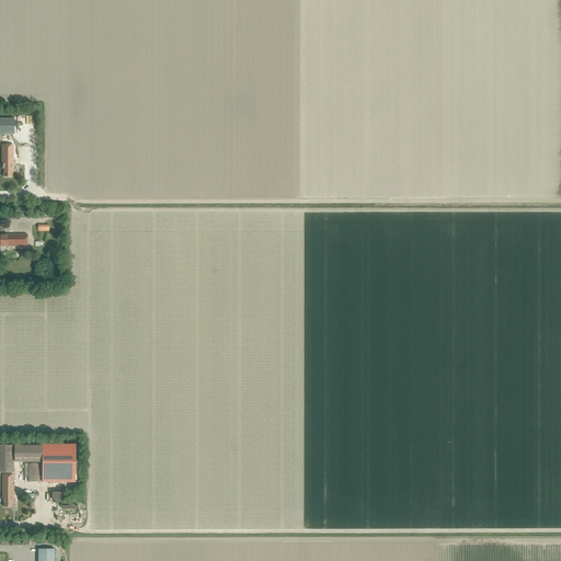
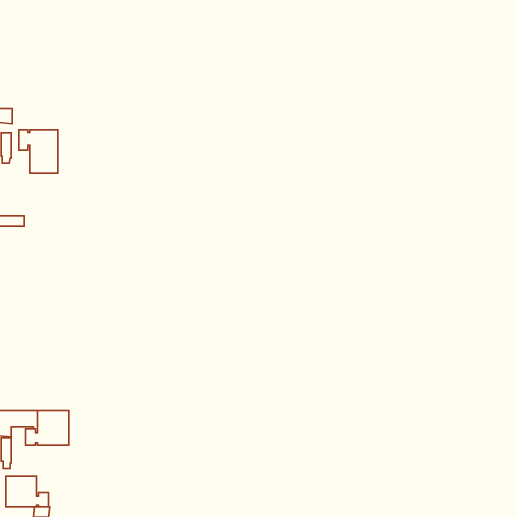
building: none -> [19,130,58,173]
building: none -> [6,476,49,507]

